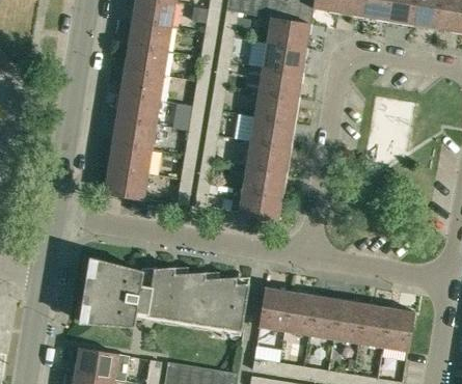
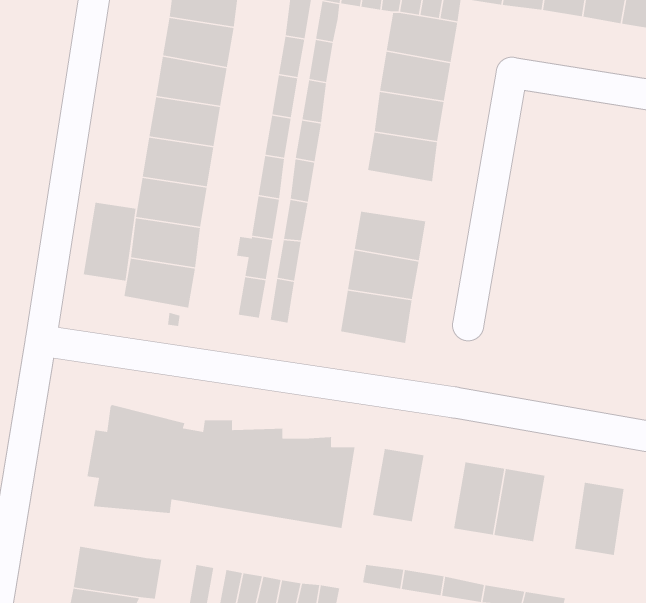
building: [250,114,295,145] -> none
building: none -> [83,202,136,282]
building: [282,290,315,335] -> none
building: [357,302,388,348] -> none

